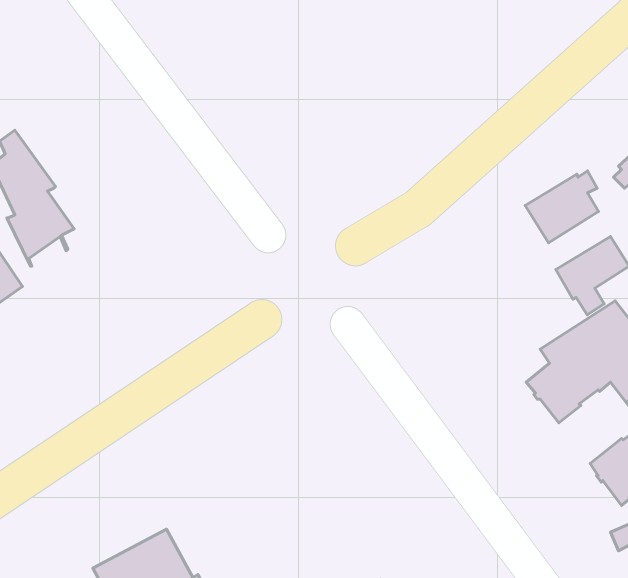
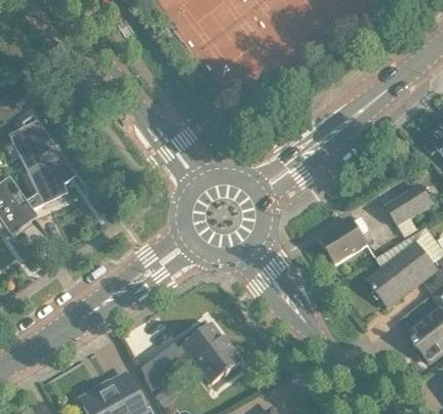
building: [525,171,599,243] -> [320,217,368,264]
building: none -> [139,323,239,390]

